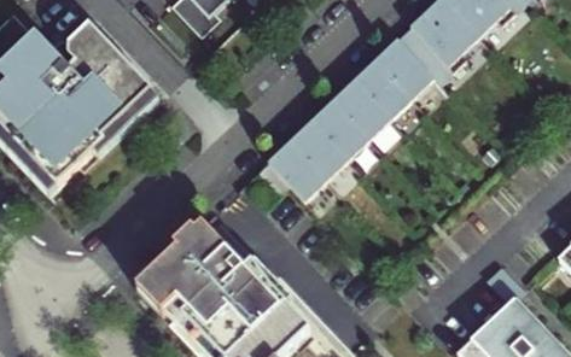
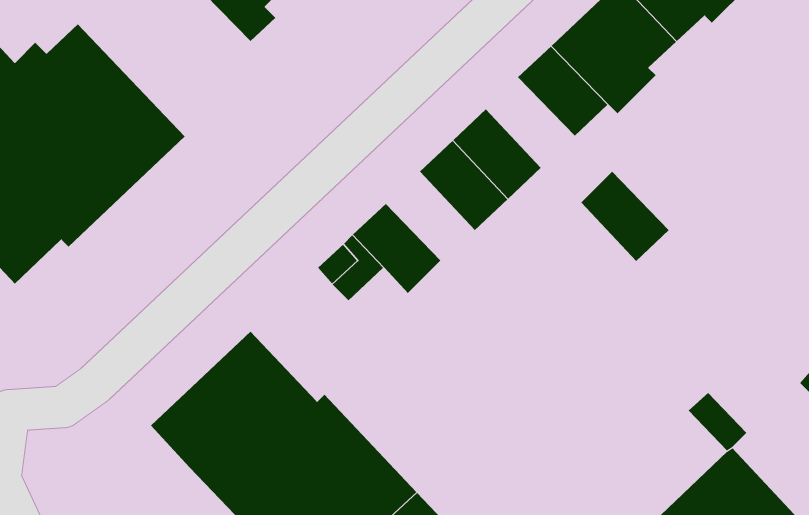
building: [356,57,414,116] -> [580,171,669,262]
building: [291,118,349,176] -> none

